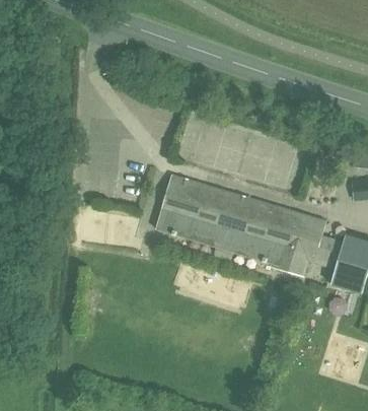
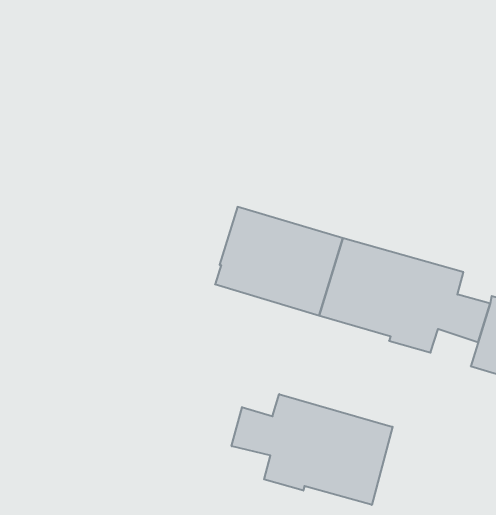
building: none -> [232,394,393,505]

